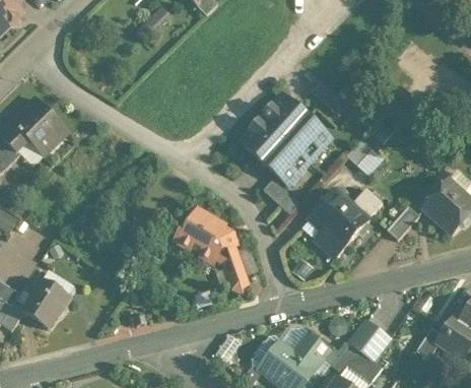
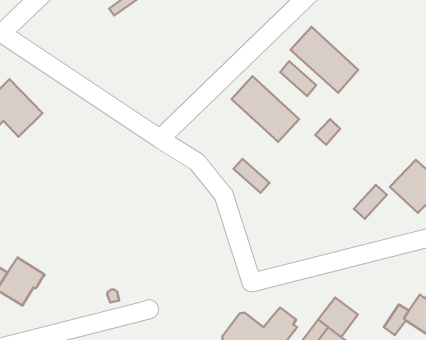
building: [240,117,309,184] -> [290,27,358,93]
building: [308,187,382,257] -> none
building: [175,208,247,290] -> none

